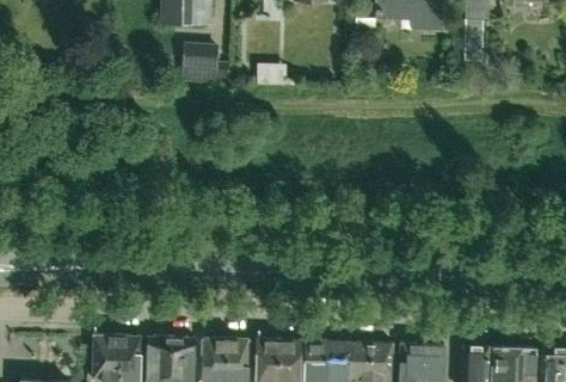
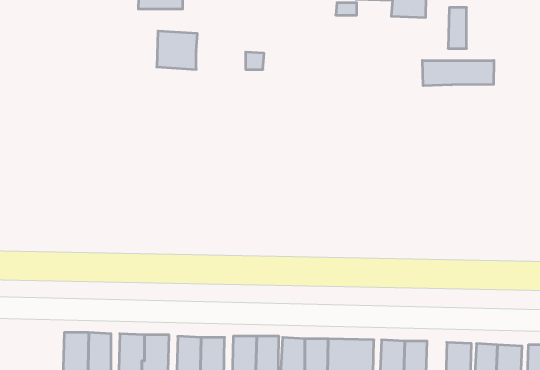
building: none -> [422,60,494,86]

